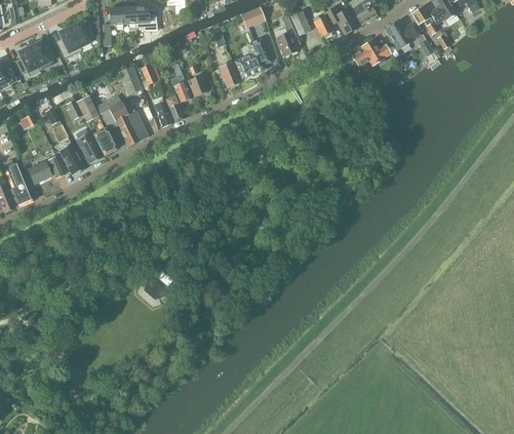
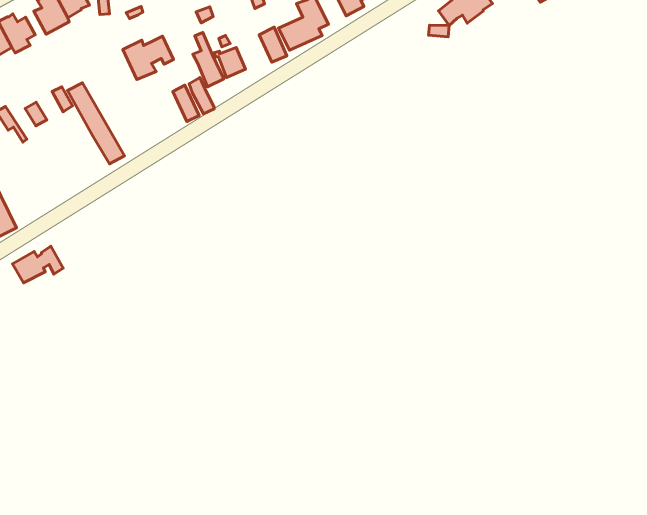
building: [94,93,149,147] -> none
building: [76,130,103,162] -> none
building: [58,143,84,173] -> none
building: [28,156,65,182] -> [13,246,63,283]

